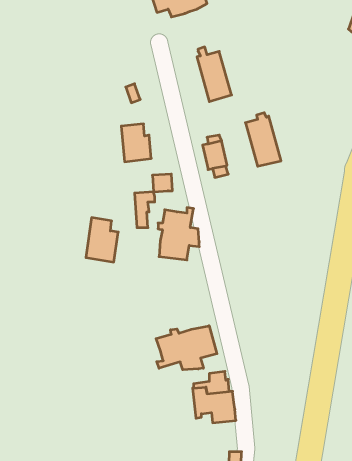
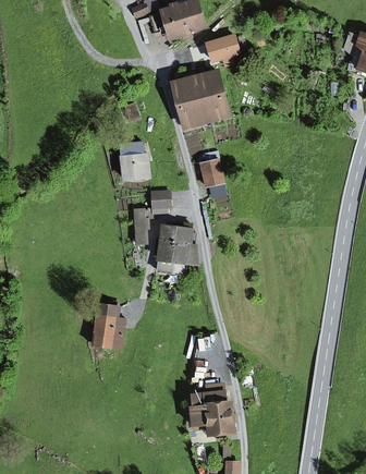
building: none -> [209,35,240,65]
building: [245,113,281,166] -> [172,73,207,125]
building: [86,218,118,262] -> [94,304,125,348]
building: [156,326,217,370] -> none

